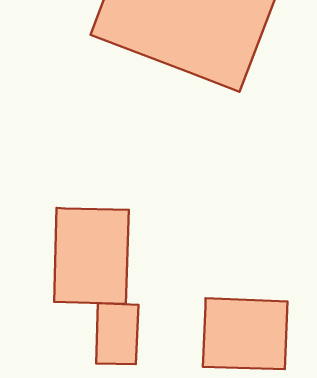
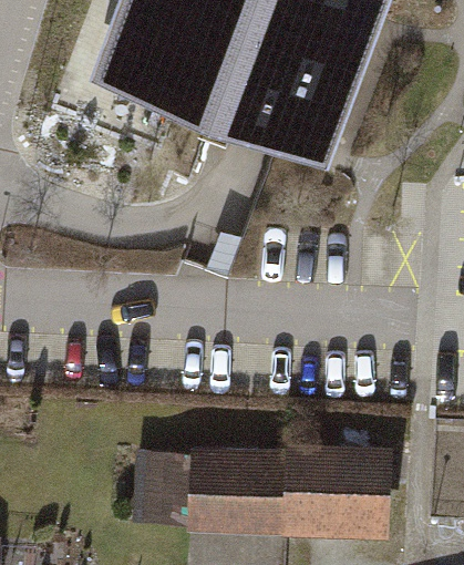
building: [54,208,129,304] -> none
building: none -> [190,450,283,533]

